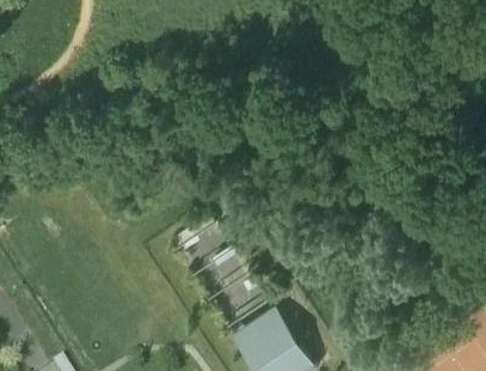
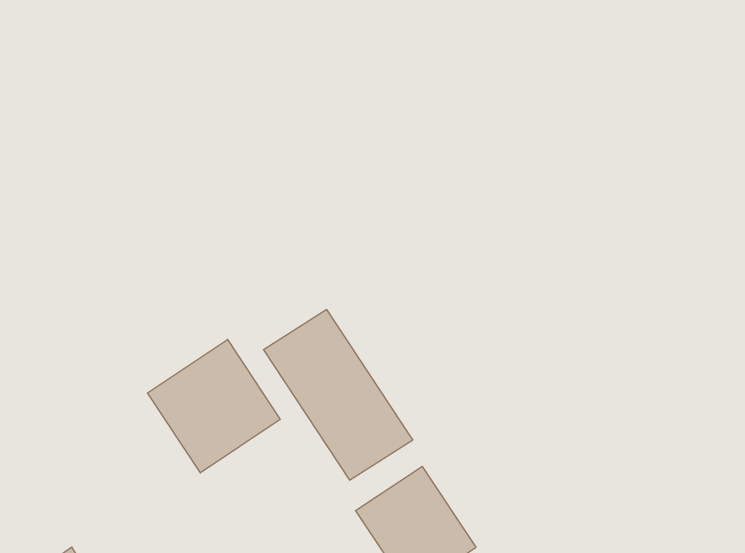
building: none -> [148,339,280,473]

